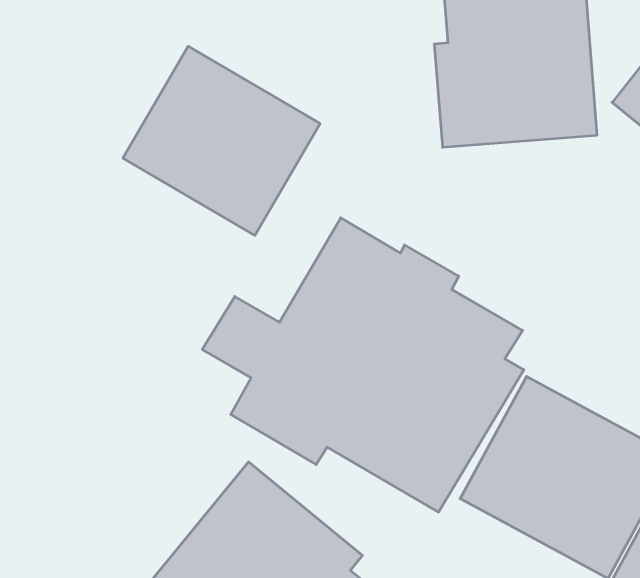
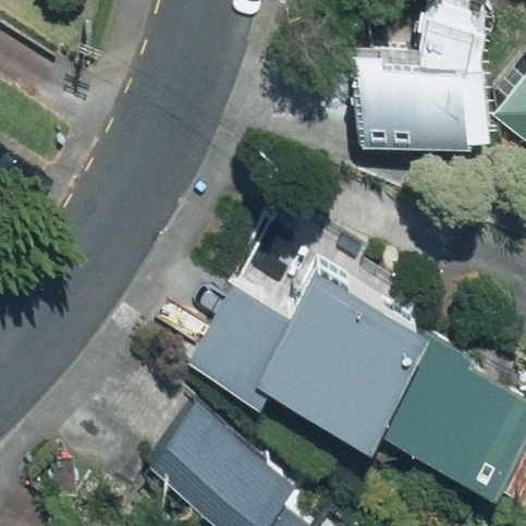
building: [123,46,320,235] -> none

